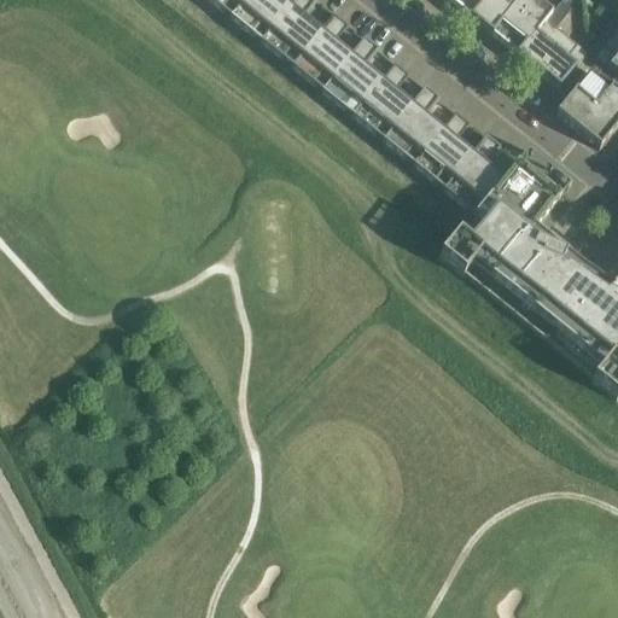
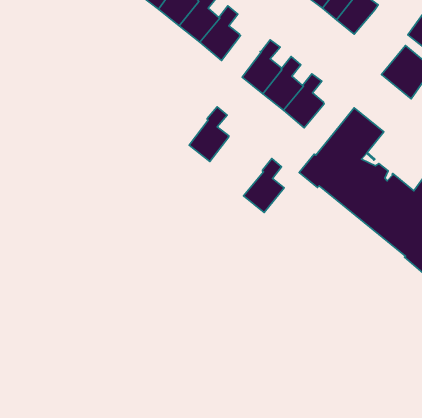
building: [518,14,589,83] -> none
building: [325,33,383,112] -> [189,107,229,162]
building: [445,132,505,210] -> [244,159,284,213]

